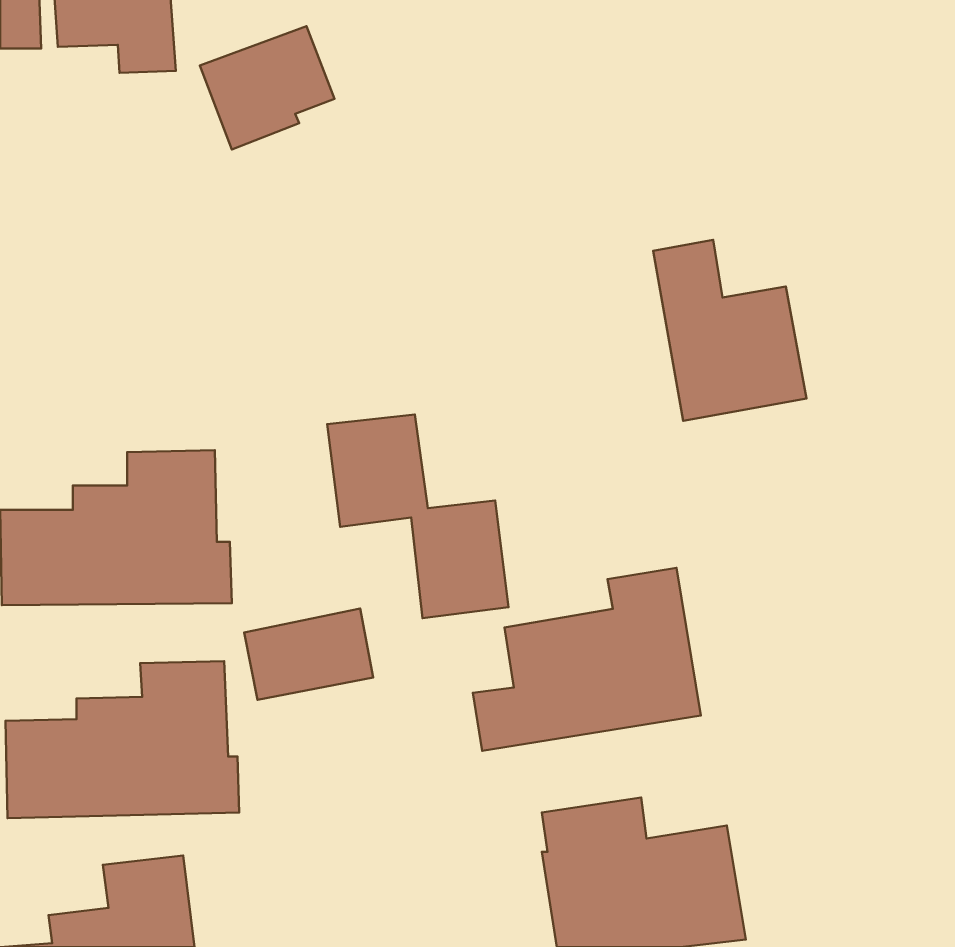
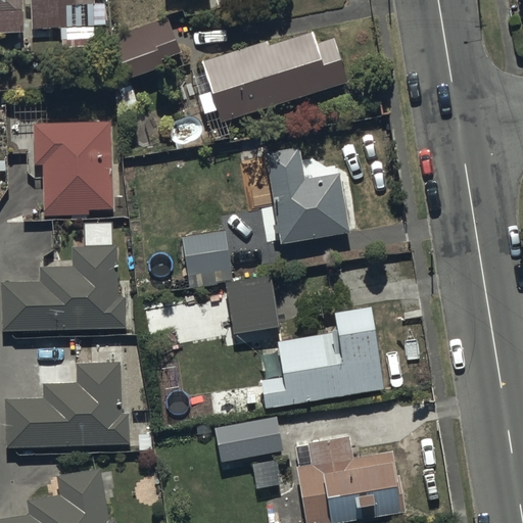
building: none -> [198,32,350,127]
building: none -> [32,121,112,218]
building: [653,240,806,421] -> [267,148,350,247]
building: [244,608,373,700] -> [211,414,282,464]

